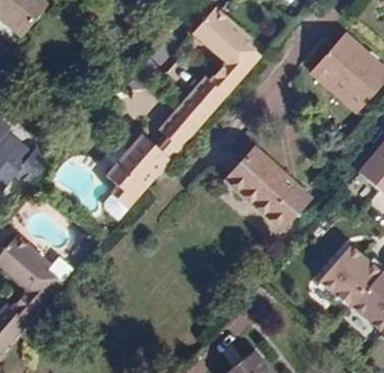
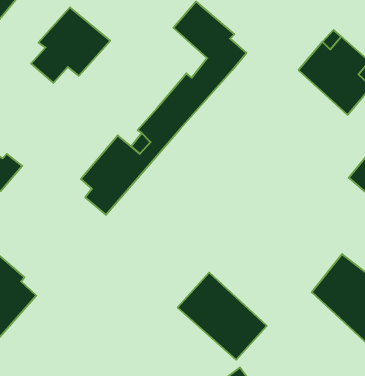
building: none -> [31,7,110,83]
building: [225,147,309,229] -> [178,273,267,360]

